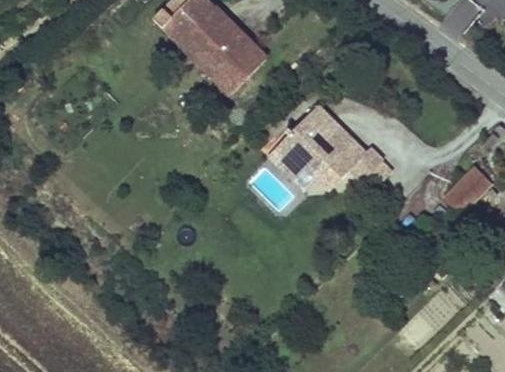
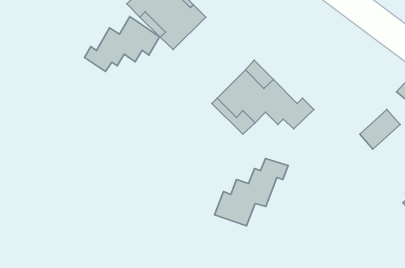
building: none -> [85,16,160,71]
building: none -> [215,158,288,226]

